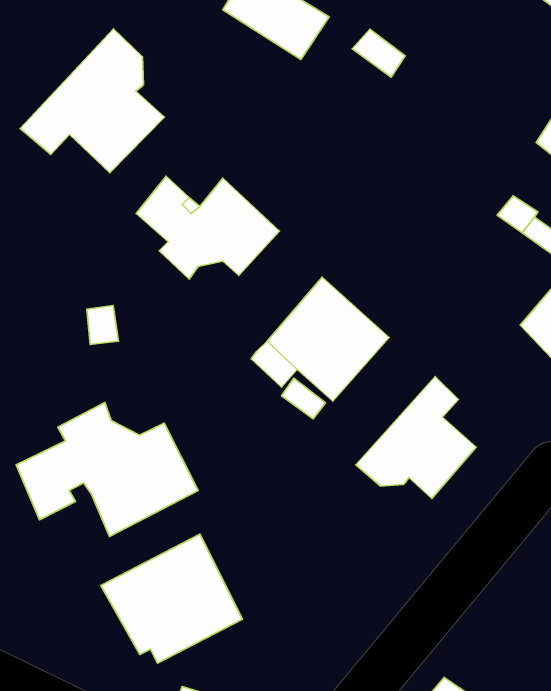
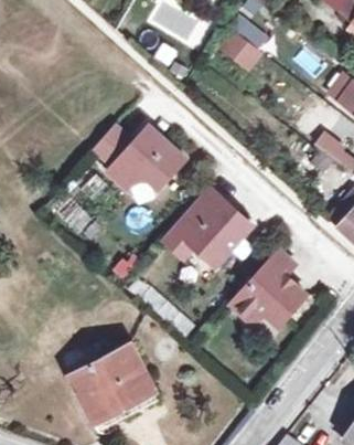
building: [20,29,164,173] -> none
building: [16,403,198,536] -> none

